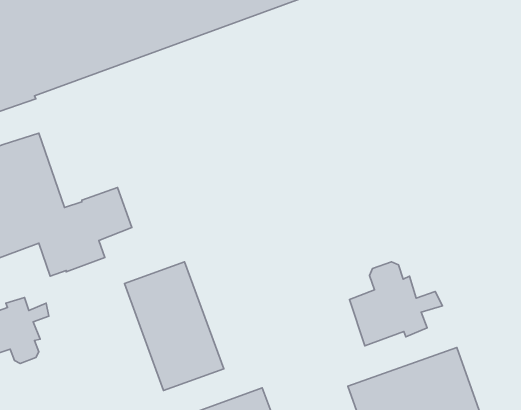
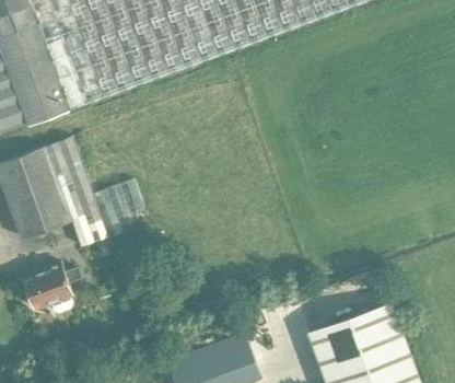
building: [349,262,442,346] -> none
building: [124,262,224,390] -> none

